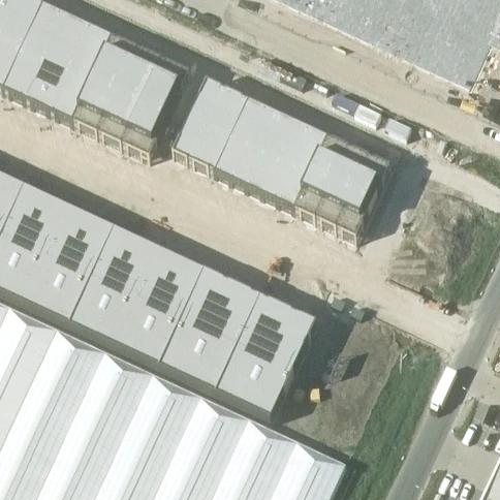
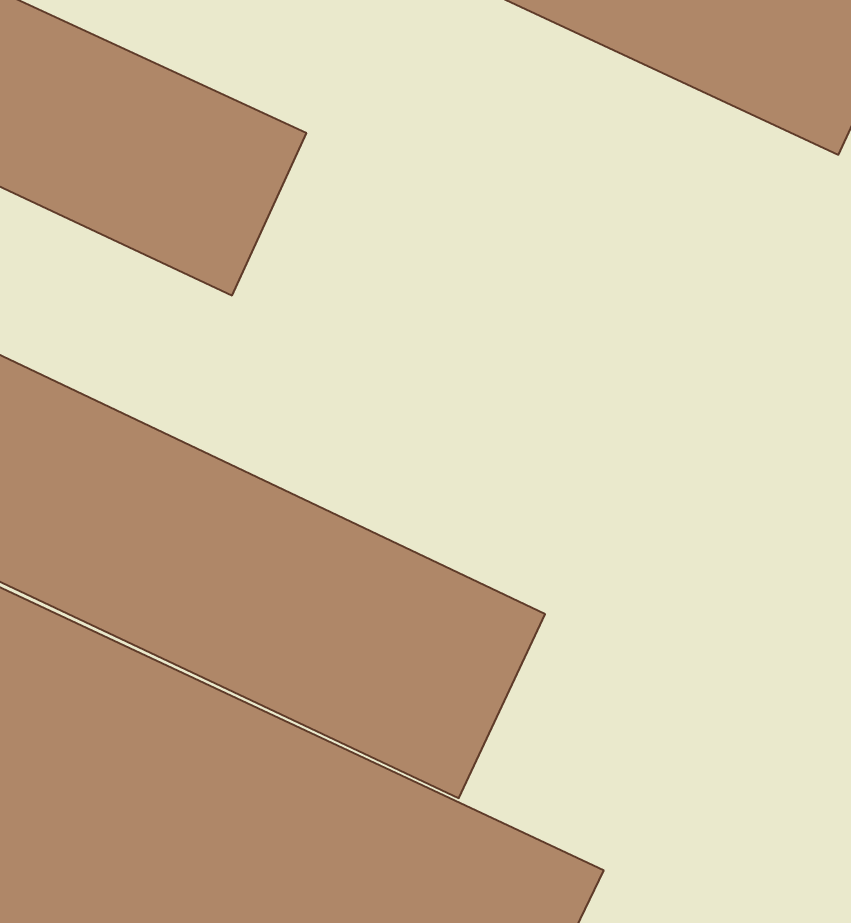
building: [173,80,389,238] -> none

